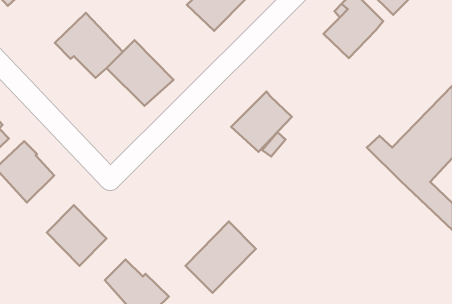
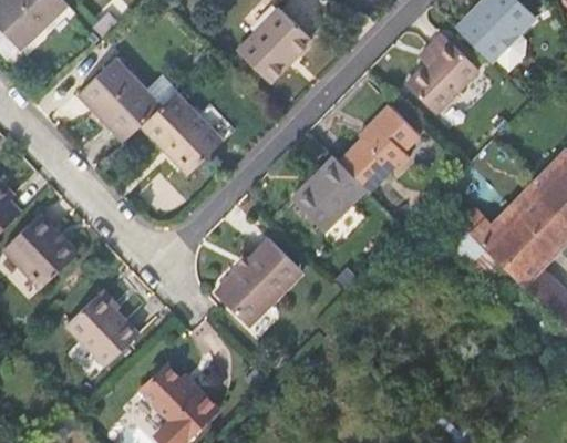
building: none -> [340,94,427,189]
building: [185,222,256,293] -> [217,237,303,324]

